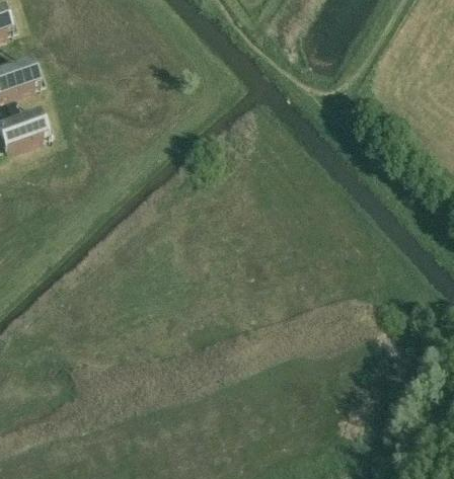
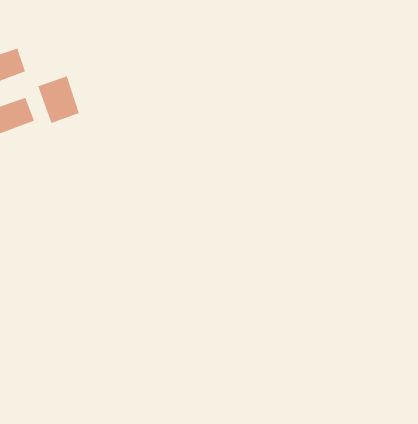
building: none -> [38,75,79,124]

